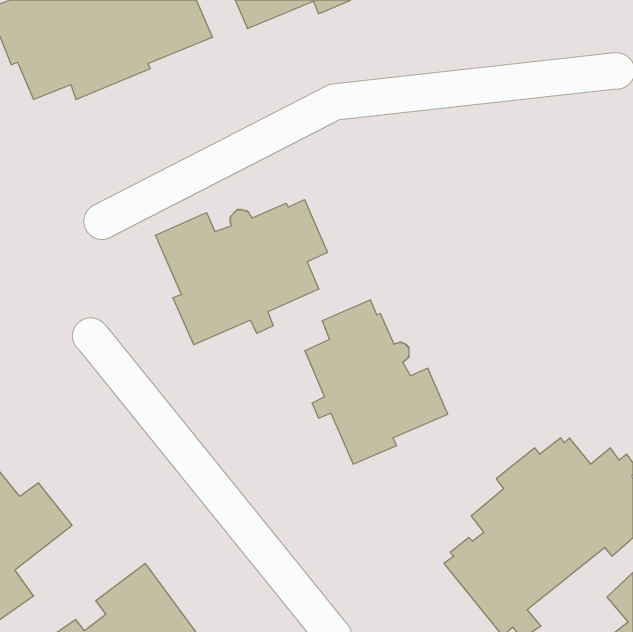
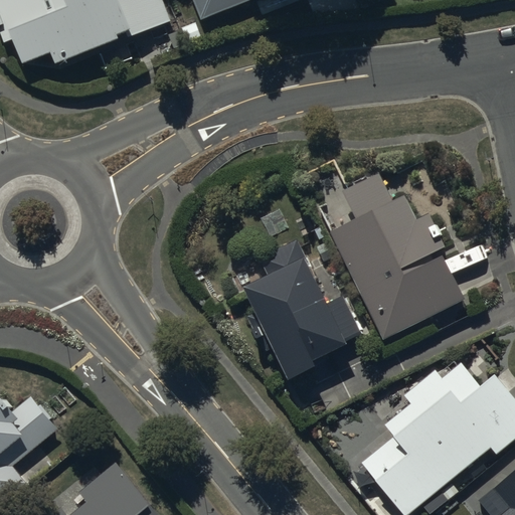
building: [155,200,327,345] -> none
building: none -> [326,169,463,336]

